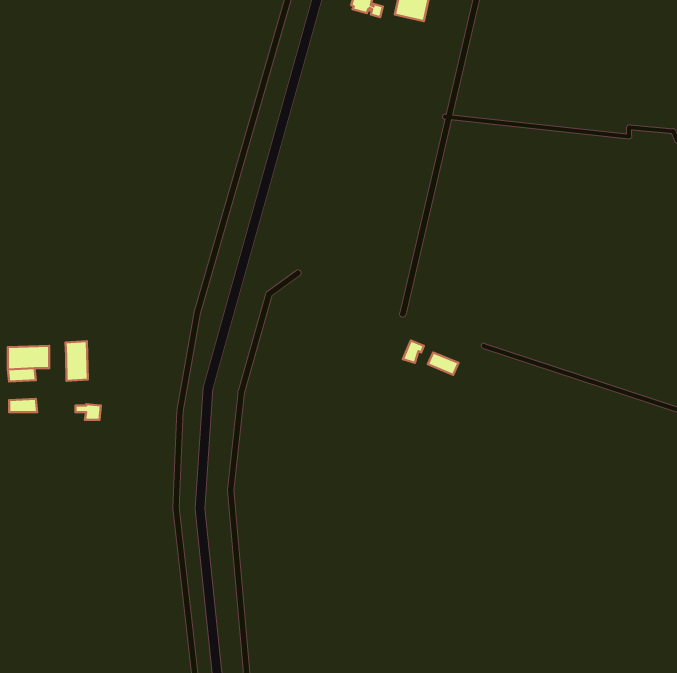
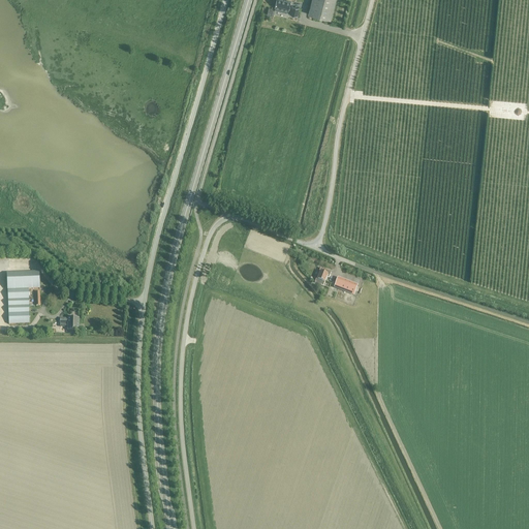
building: [65,341,88,381] -> none

